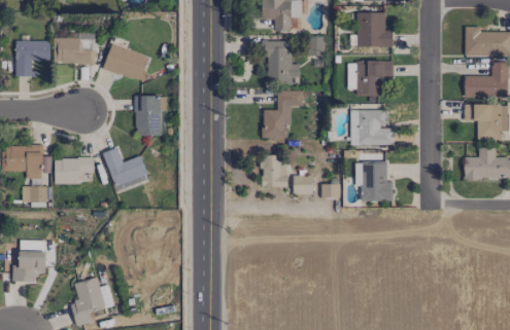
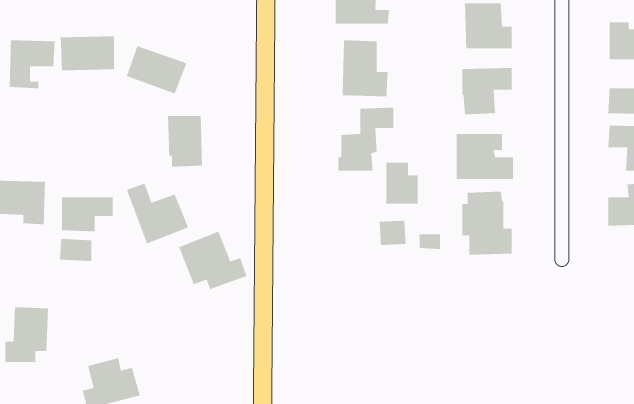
building: [263,155,287,187] -> [385,162,418,205]
building: none -> [178,231,247,290]
building: [22,185,46,203] -> [59,238,92,262]

